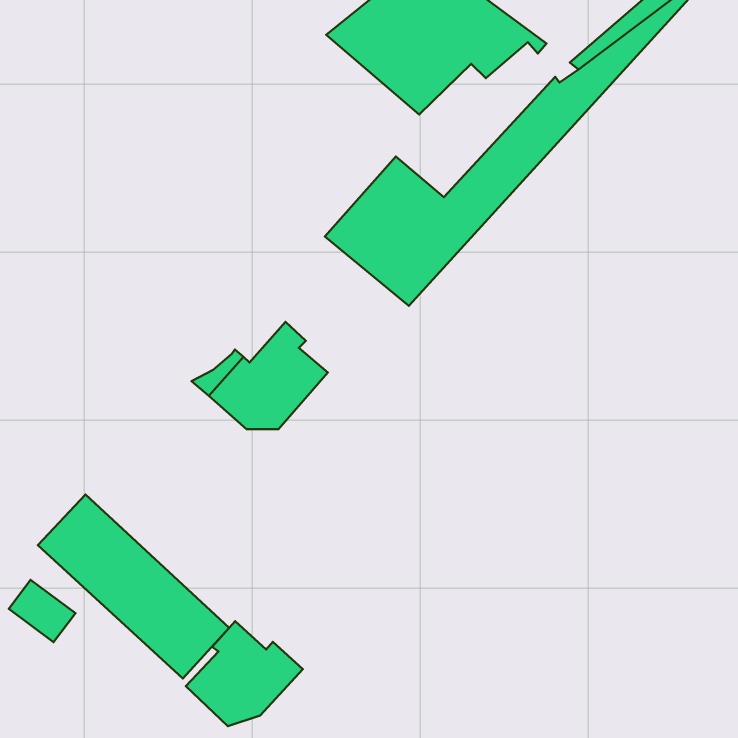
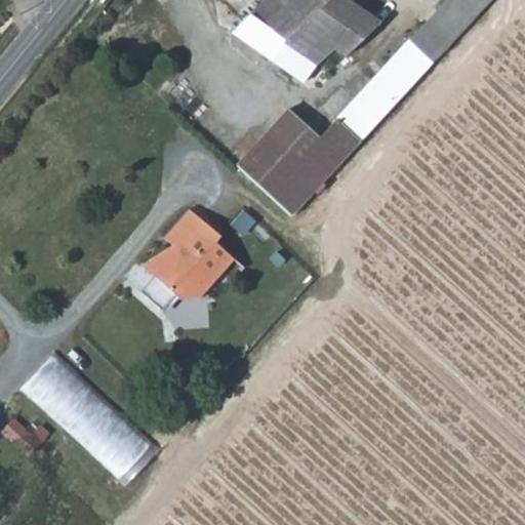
building: none -> [161,212,204,256]
building: [186,621,303,726] -> none

